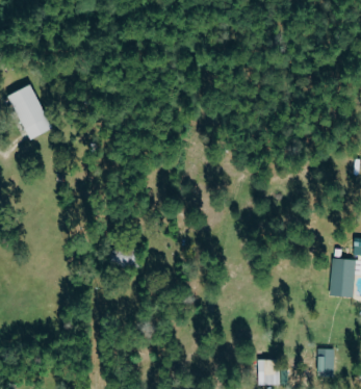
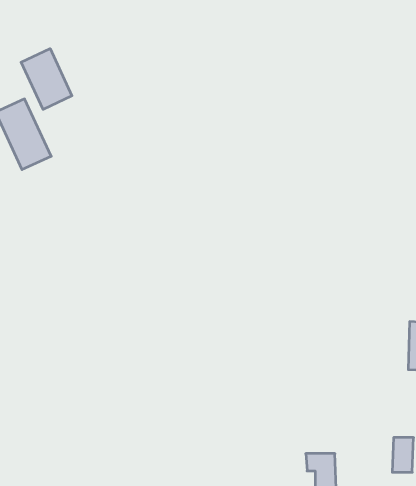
building: none -> [21,49,72,109]

